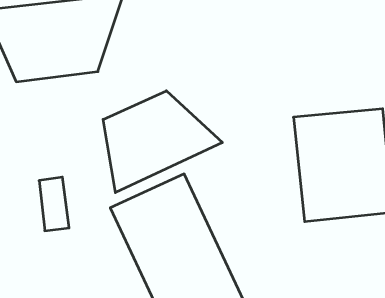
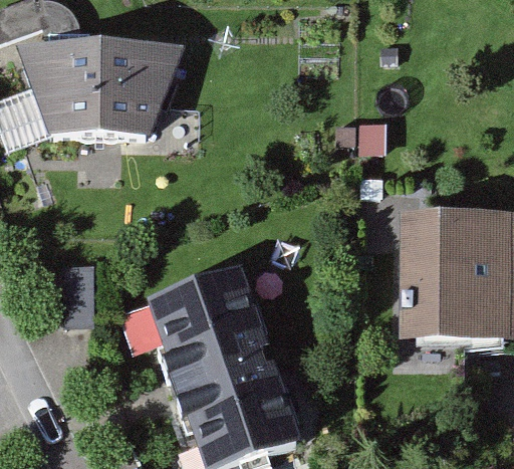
building: [103,91,222,193] -> none

